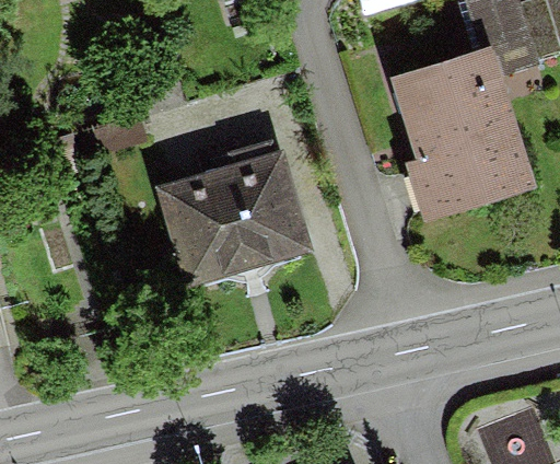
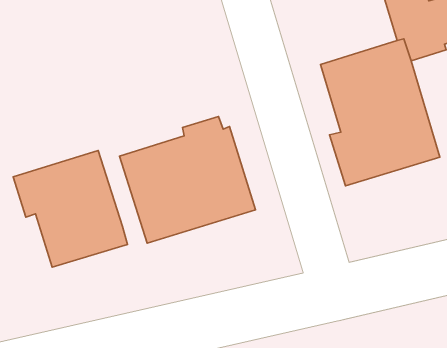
building: none -> [13,150,127,267]

